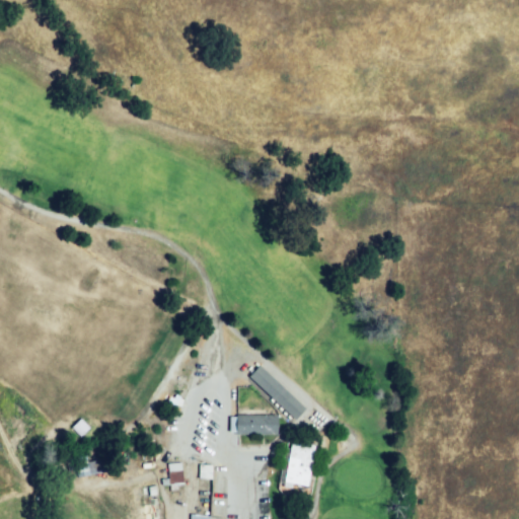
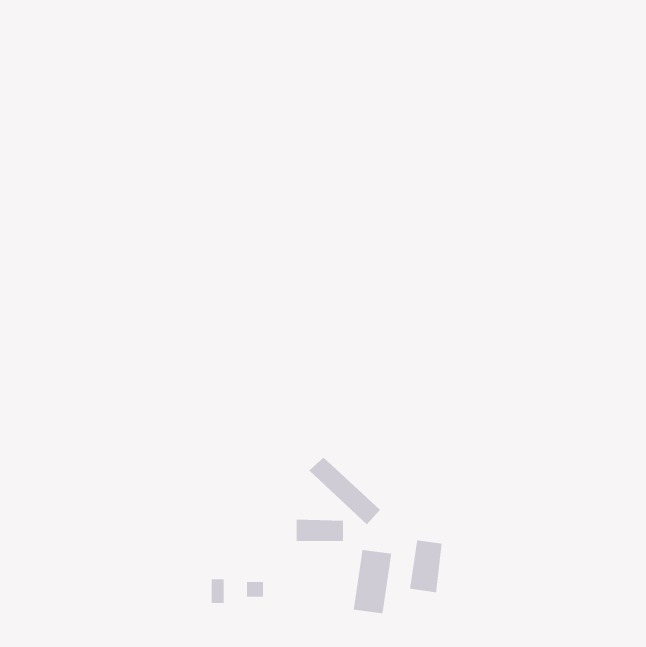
building: none -> [409,539,442,593]

